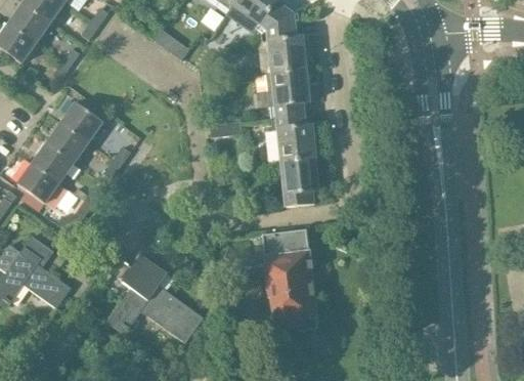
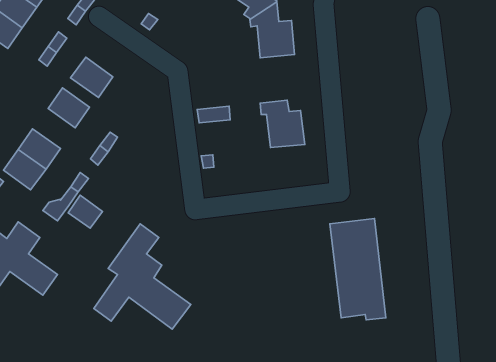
building: [266,69,309,117] -> none
building: [46,122,88,162] -> [70,57,113,97]
building: [278,158,319,205] -> none
building: none -> [68,195,103,228]
building: [262,228,317,329] -> [330,219,386,320]

